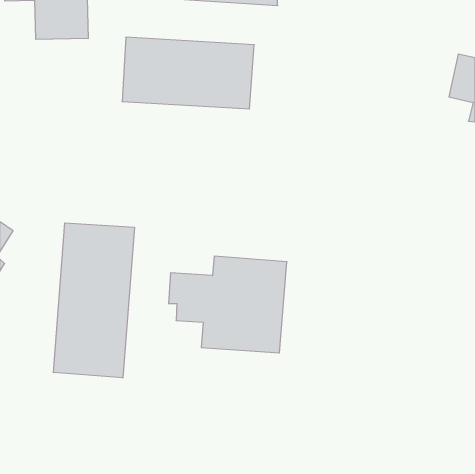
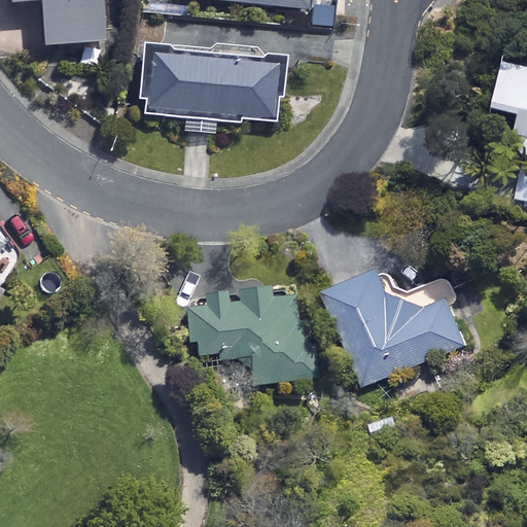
building: [53,223,134,378] -> none
building: none -> [325,270,466,387]

